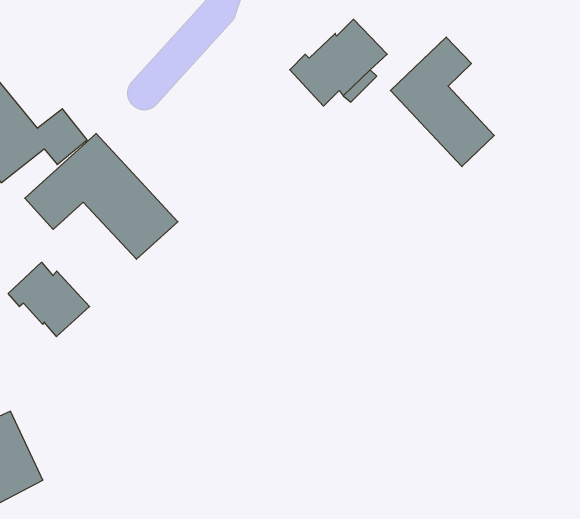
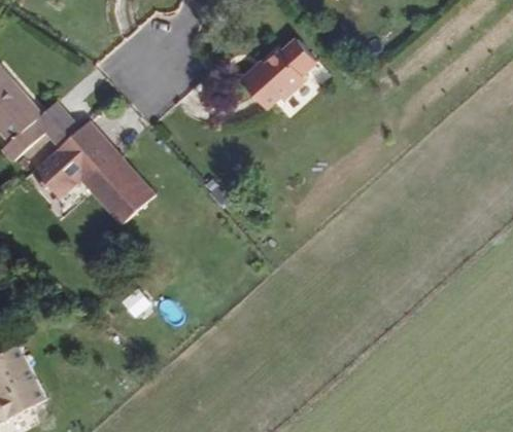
building: [390,37,494,167] -> none
building: [8,262,90,337] -> none

